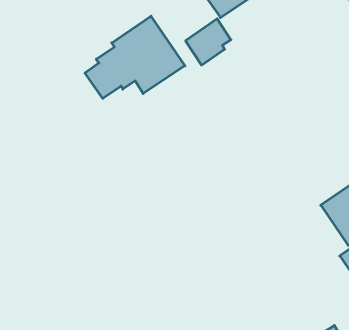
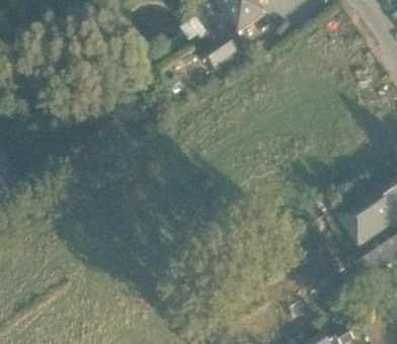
building: [85,16,185,98] -> none

